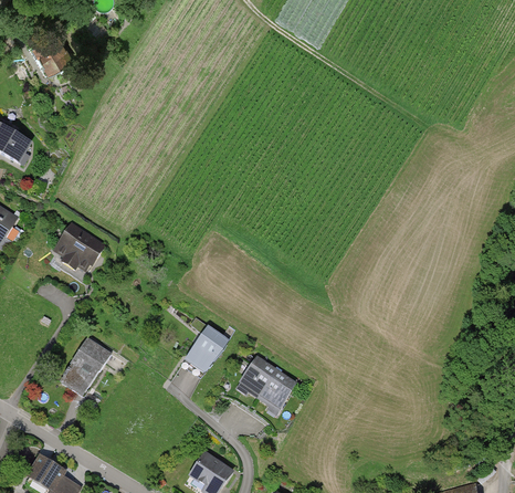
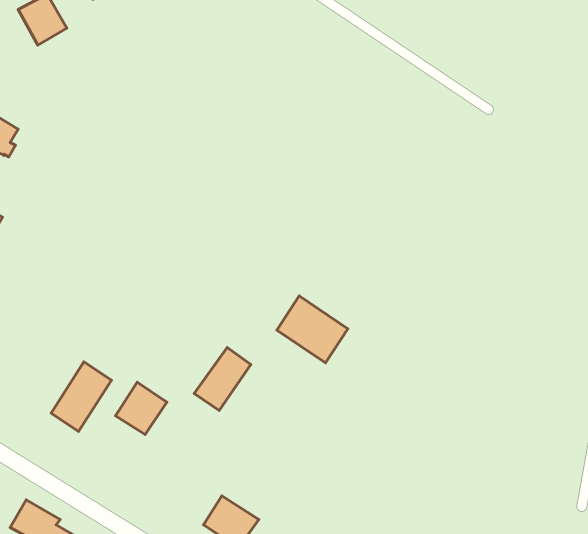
building: [53,222,106,272] -> none
building: none -> [115,382,167,435]
building: [238,356,297,412] -> [277,296,348,363]

